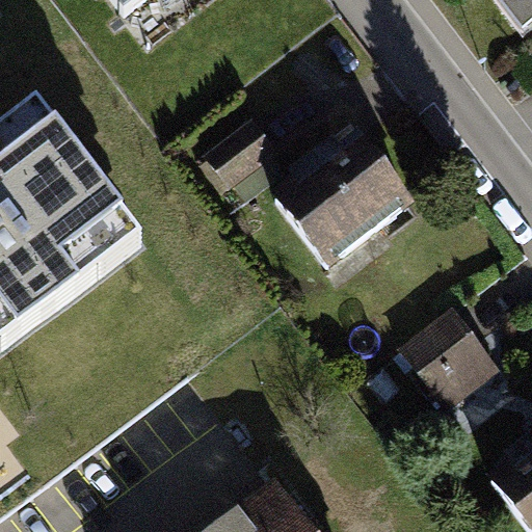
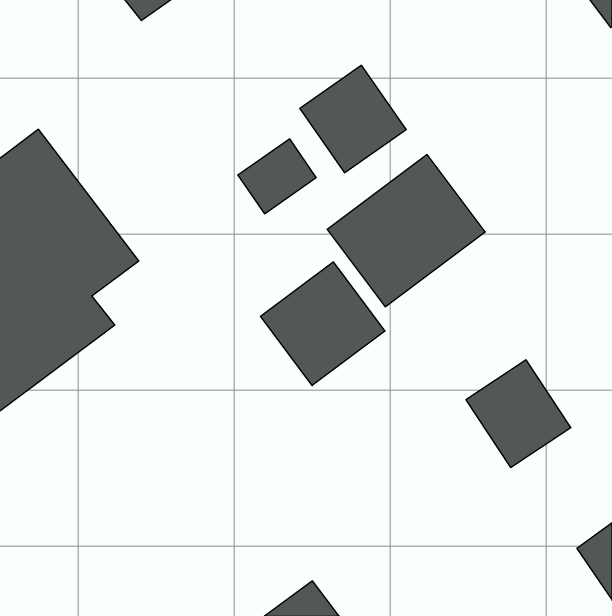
building: none -> [300,65,406,173]
building: none -> [261,262,385,386]

